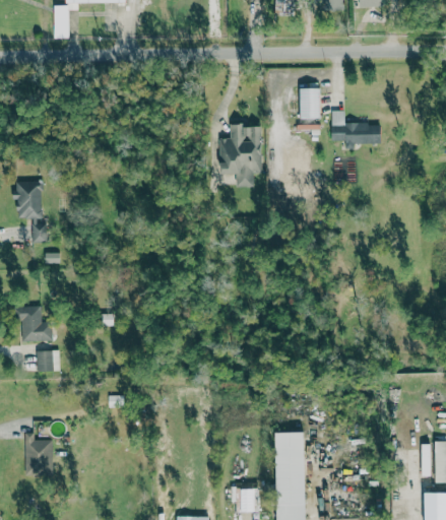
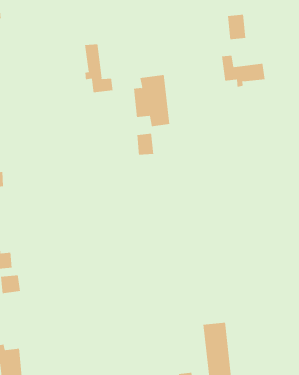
building: none -> [85,43,113,93]
building: [300,88,320,118] -> [227,14,246,40]
building: none -> [137,133,154,155]

